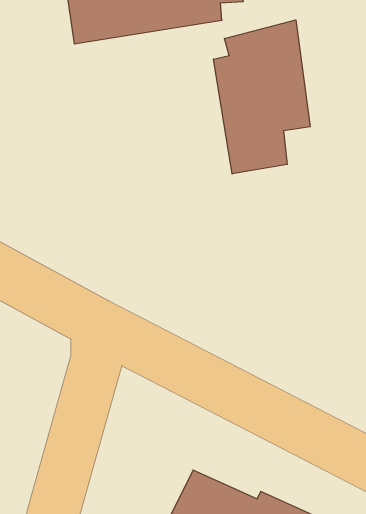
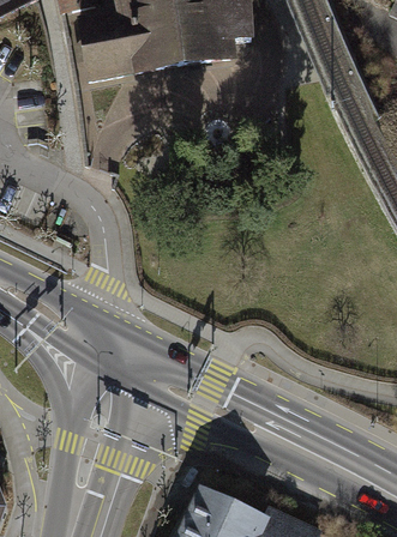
building: [214,20,310,174] -> none

